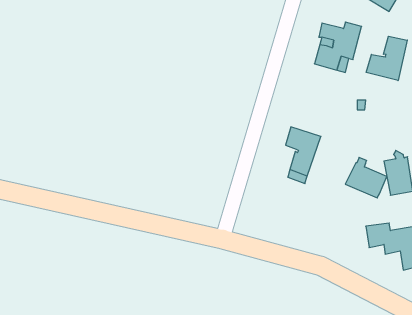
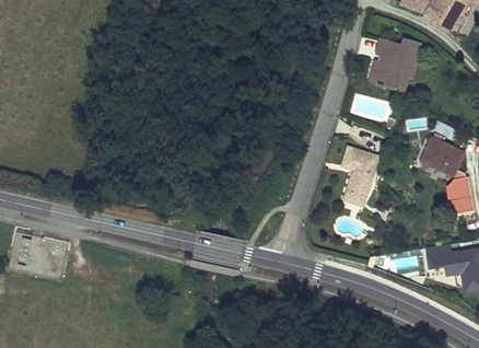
building: [366,36,407,81] -> none
building: [345,157,387,198] -> [421,132,464,174]

